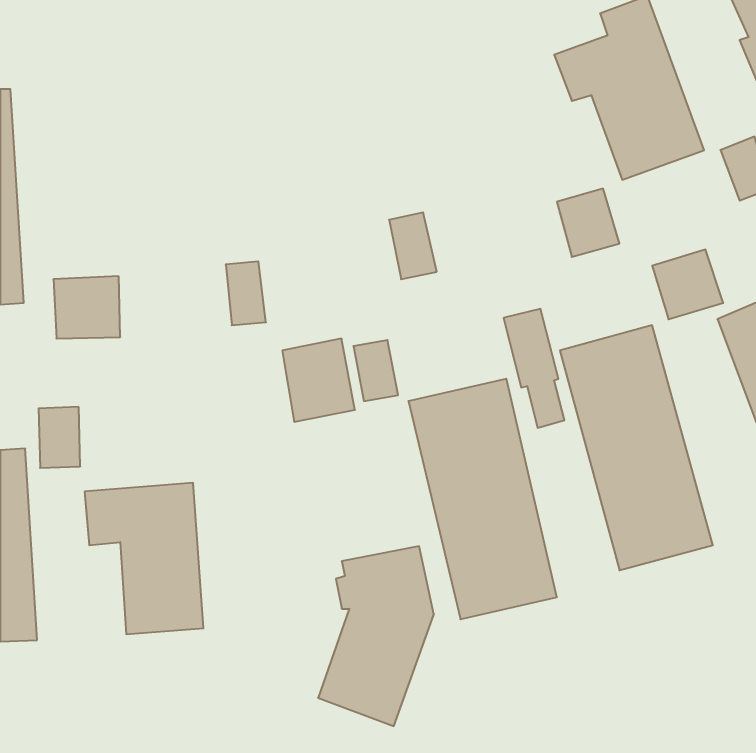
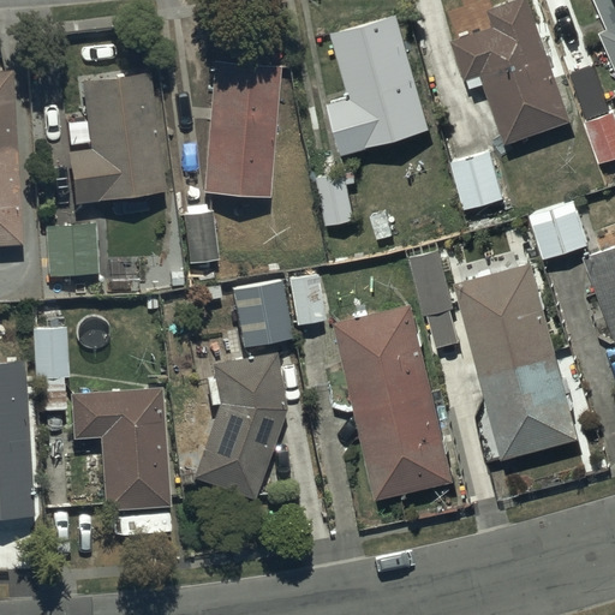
building: none -> [328,16,430,156]
building: none -> [203,62,277,199]
building: none -> [67,73,166,205]
building: [318,546,434,726] -> [191,356,285,501]

